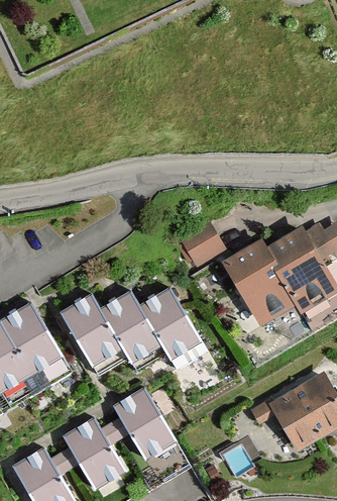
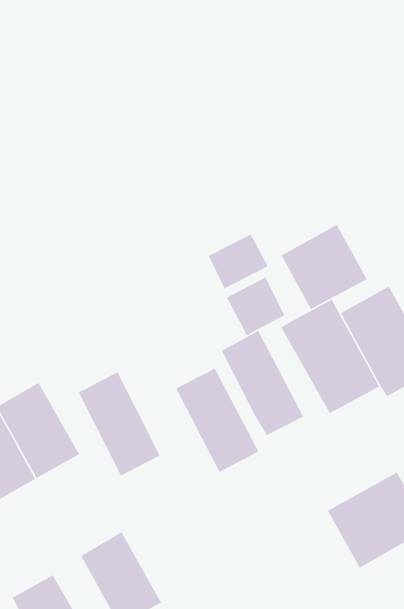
building: none -> [281,224,368,310]
building: none -> [207,233,269,289]
building: [102,291,166,374] -> [221,330,304,436]
building: [115,388,180,463] -> none

